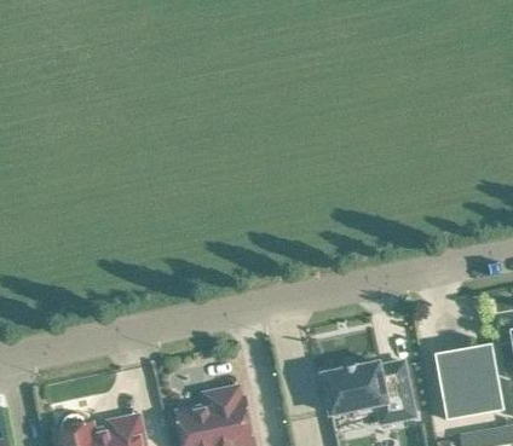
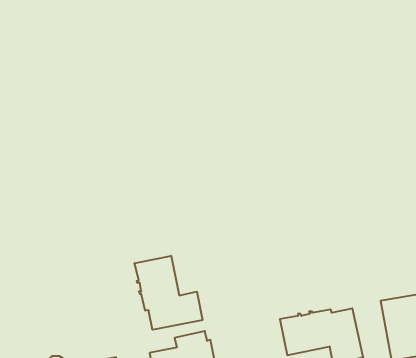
building: none -> [135,256,202,330]

